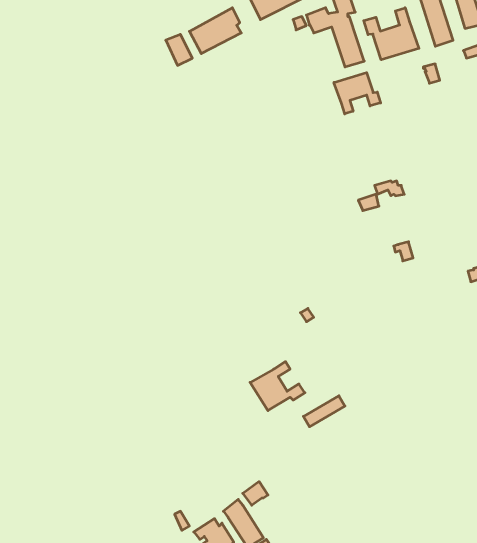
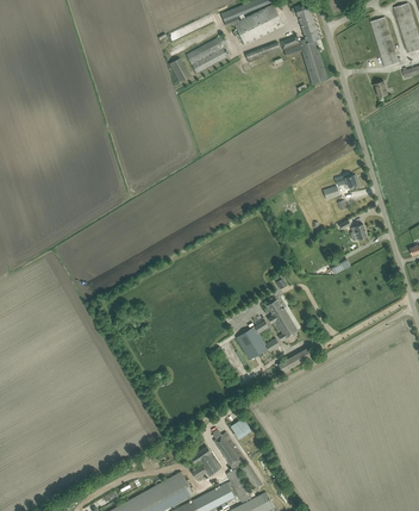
building: [364,8,419,60] -> none
building: [334,73,381,114] -> none
building: none -> [267,299,298,341]

